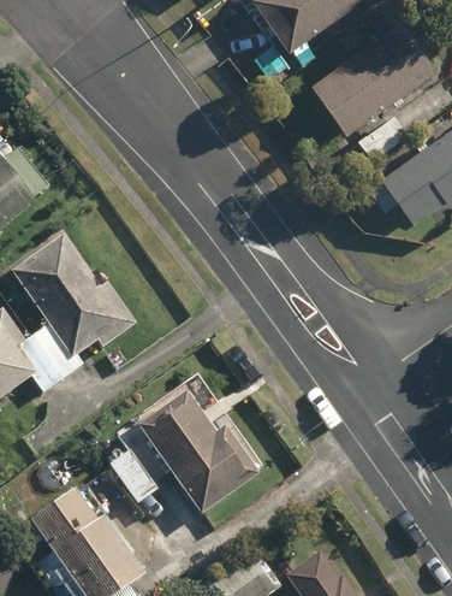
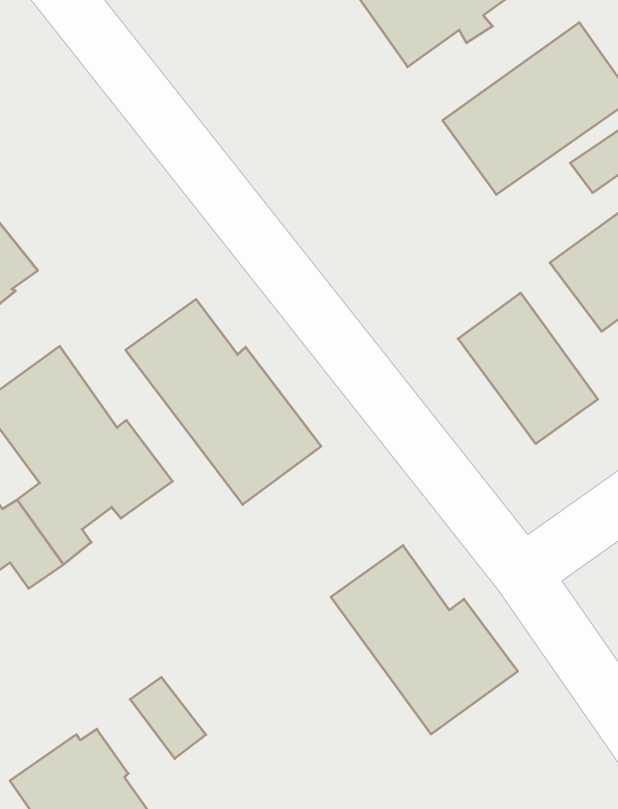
building: none -> [458,293,598,444]
building: none -> [126,299,321,505]
building: [137,389,258,512] -> [331,545,518,734]

